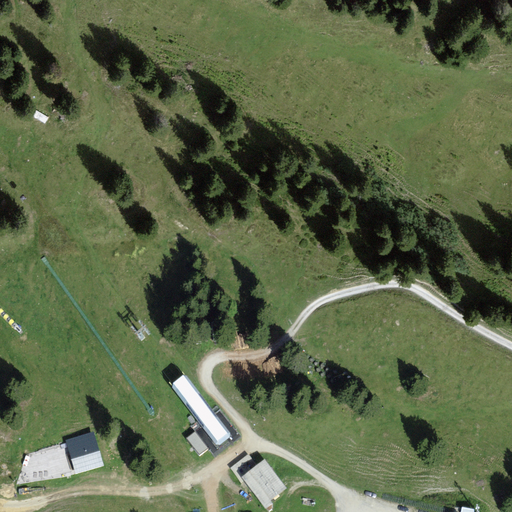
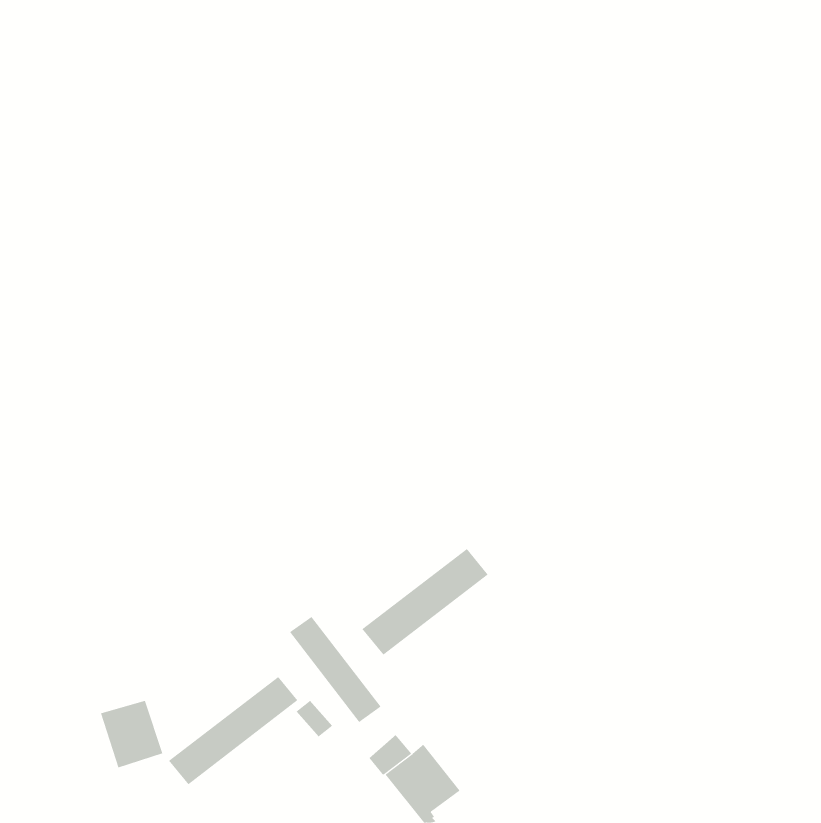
building: none -> [362,548,489,656]
building: none -> [168,676,298,785]

